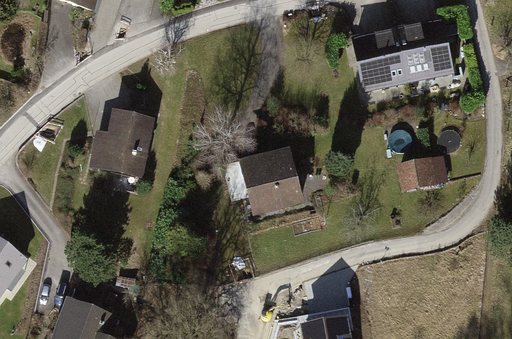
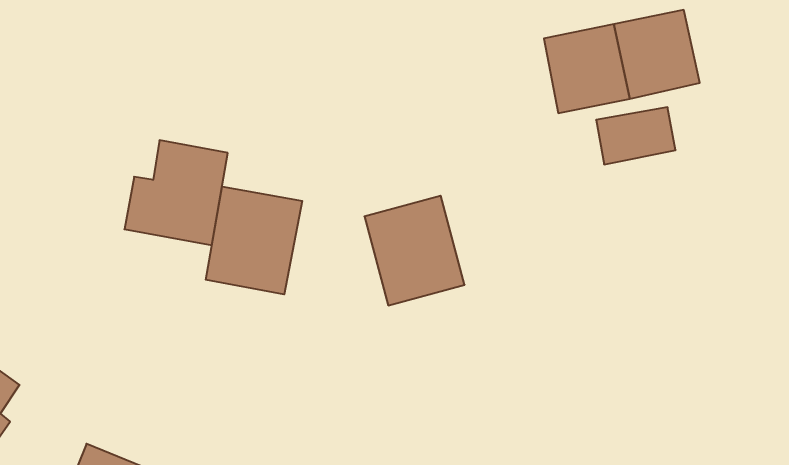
building: none -> [206,186,302,294]
building: [397,154,447,190] -> [596,107,676,164]

